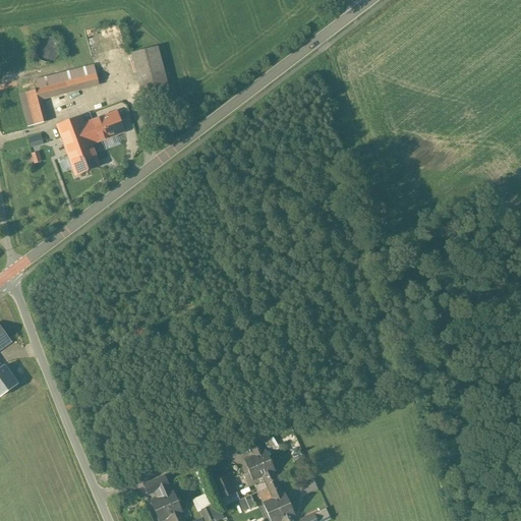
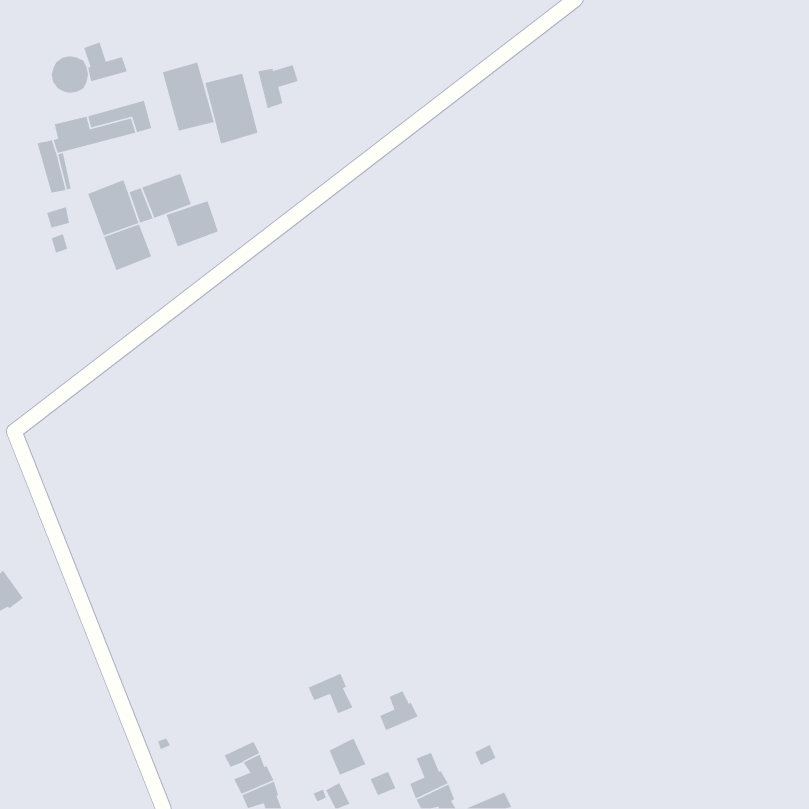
building: none -> [83,42,128,82]
building: none -> [162,62,215,131]
building: none -> [257,64,299,109]
building: none -> [165,200,219,247]
building: [247,460,277,486] -> [307,673,353,714]

